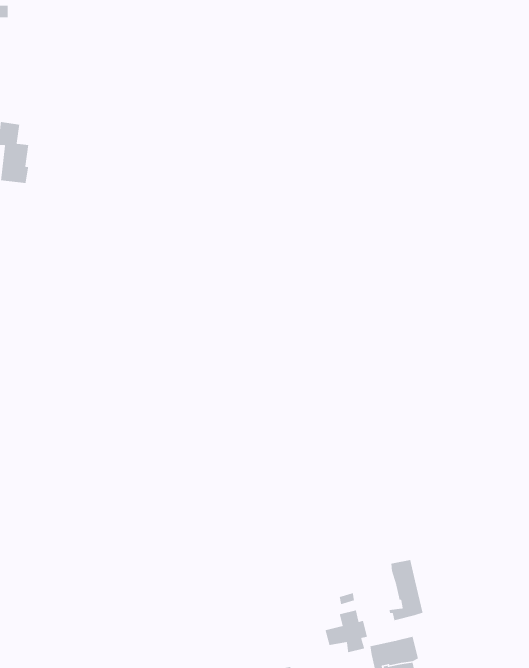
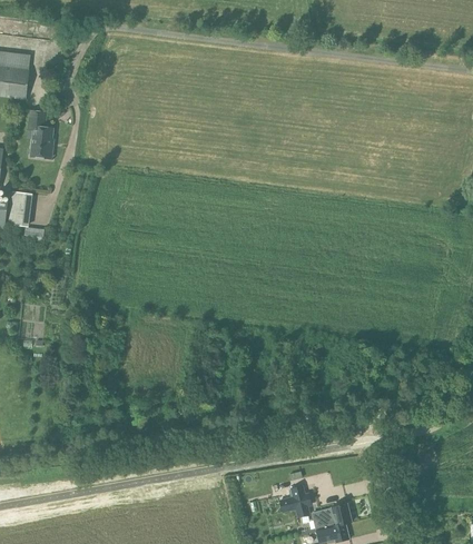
building: [389,559,424,621] -> none

